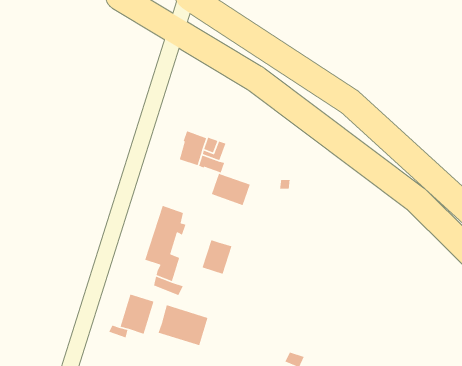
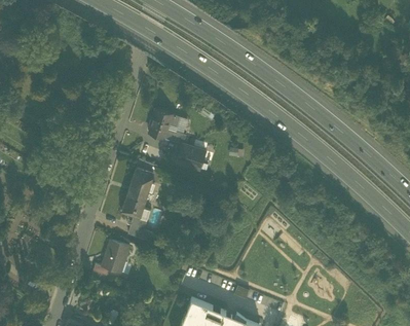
building: [202,239,232,275] -> none
building: [158,304,209,346] -> none

